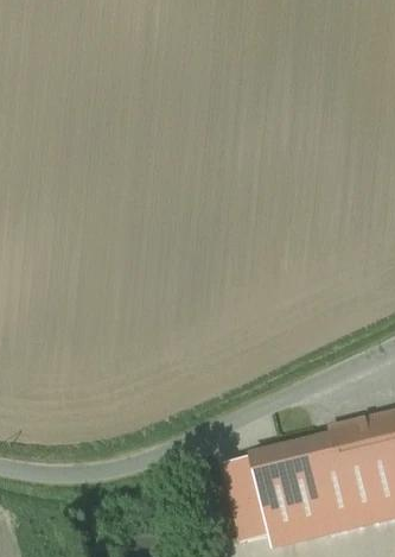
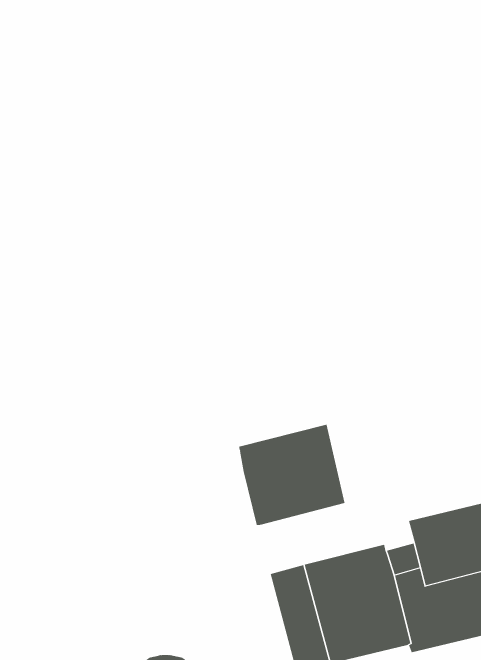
building: none -> [238,424,345,526]

